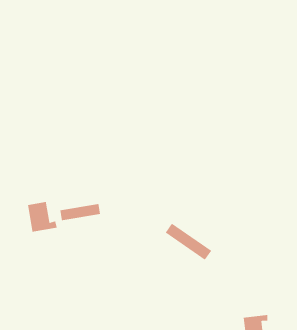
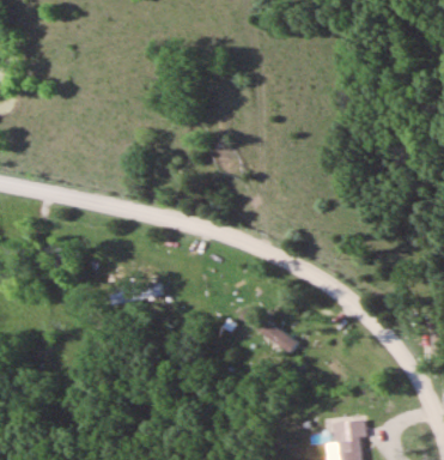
building: [28,201,58,232] -> none

